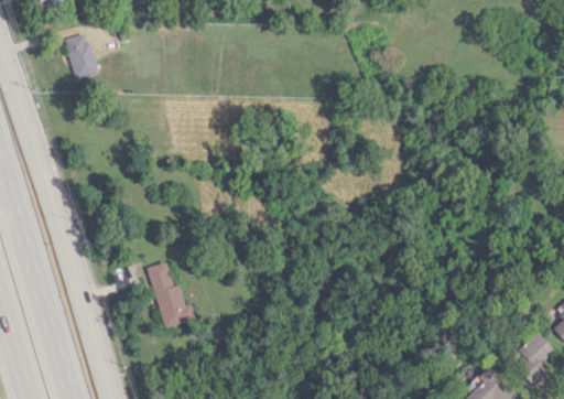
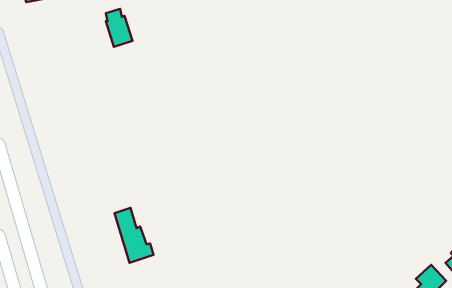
building: [66,33,99,80] -> [106,9,133,47]

